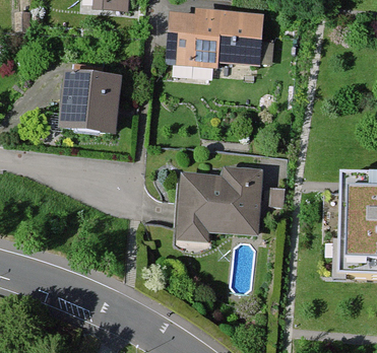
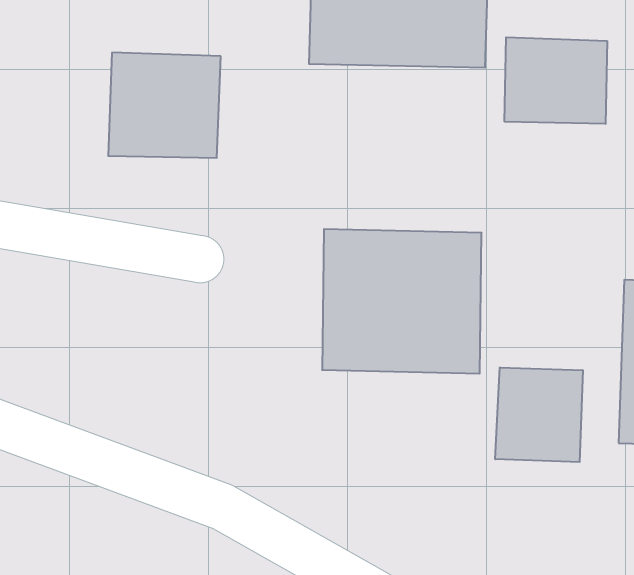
building: none -> [505,37,607,124]
building: none -> [495,367,583,462]

